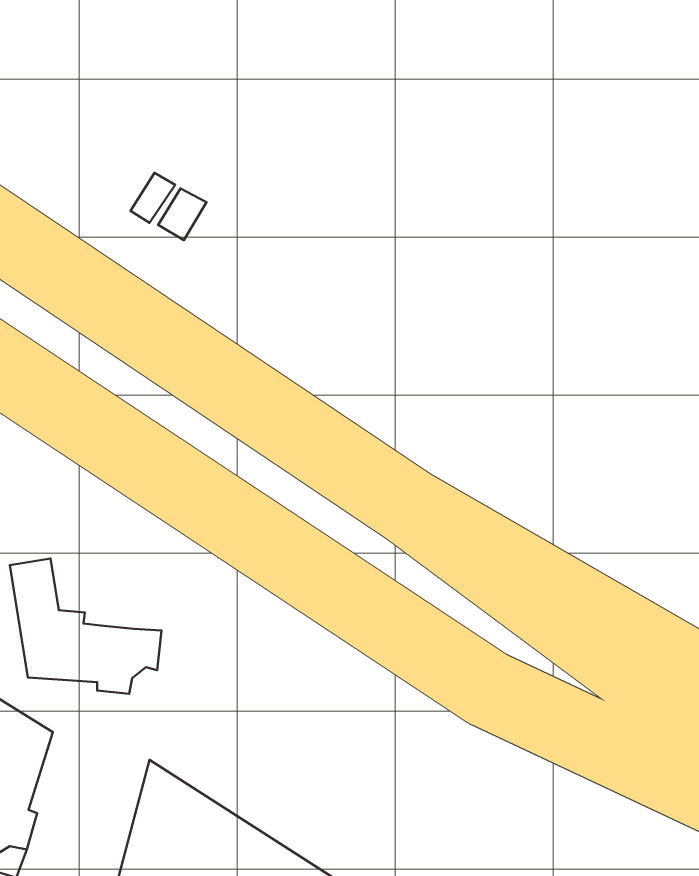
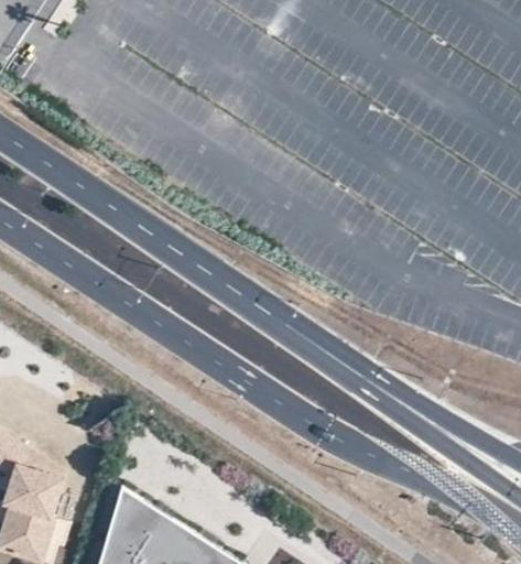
building: [10,558,162,694] -> none

